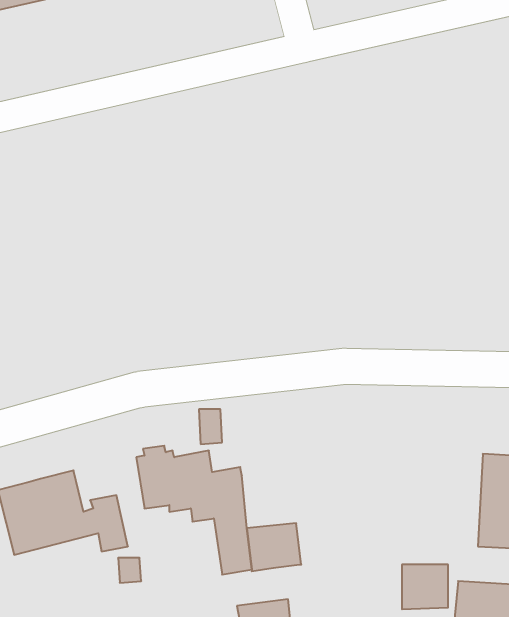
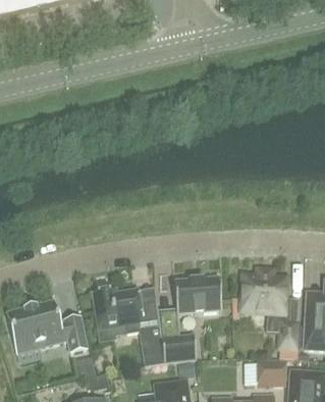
building: none -> [240,269,297,346]
building: none -> [173,274,220,312]

